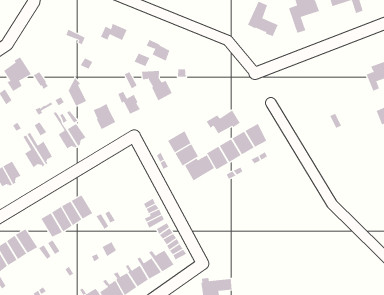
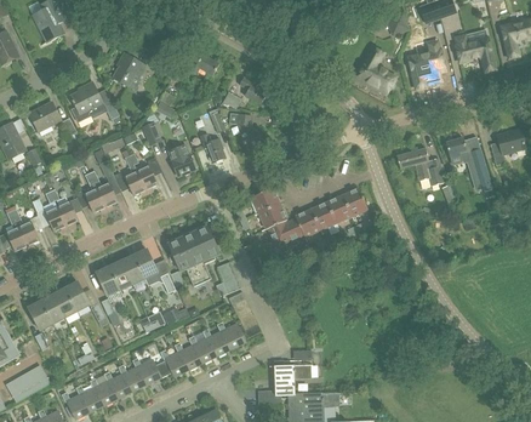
building: none -> [112,52,144,86]
building: none -> [445,137,491,188]
building: none -> [396,147,445,186]
building: [206,109,241,134] -> none
building: none -> [167,224,217,286]

